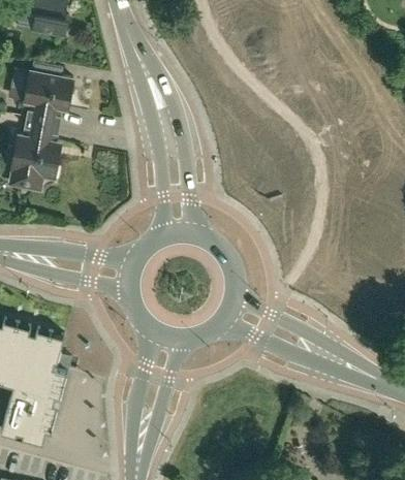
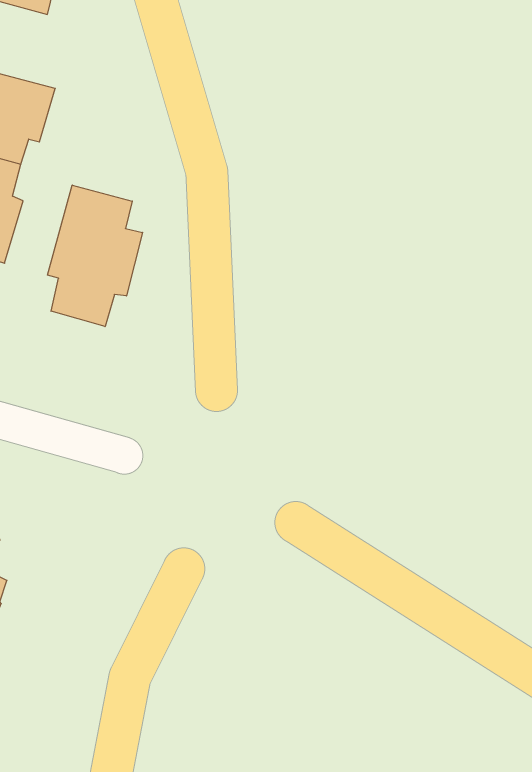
building: none -> [47,185,143,327]

